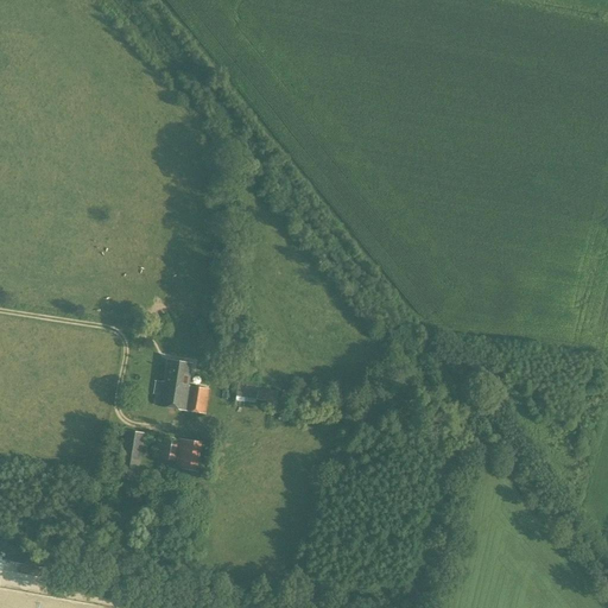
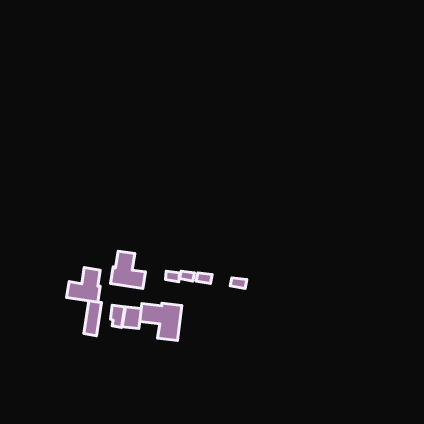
building: none -> [67,268,100,302]
building: none -> [140,303,182,341]

